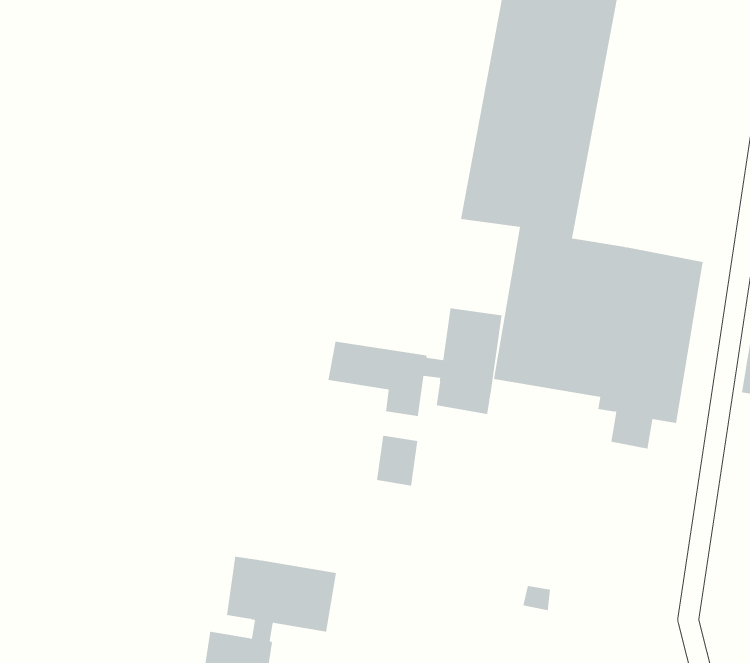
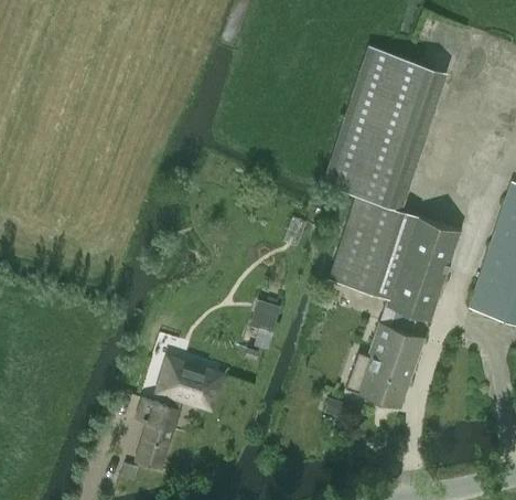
building: [328,307,502,417] -> none
building: none -> [346,322,424,407]

